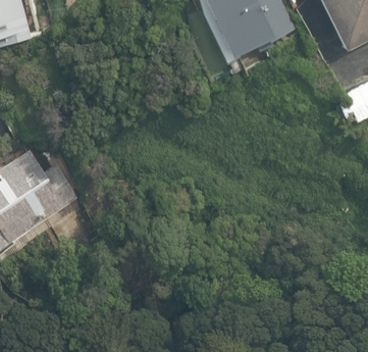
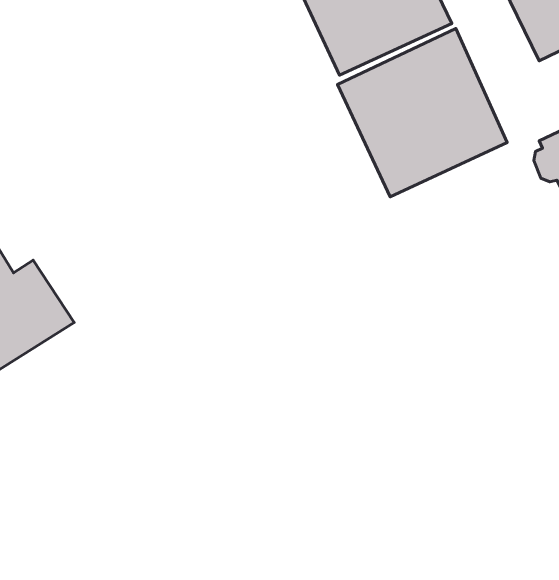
building: none -> [338,29,507,197]

